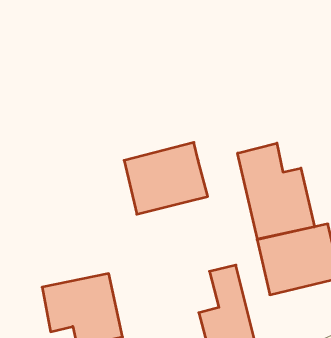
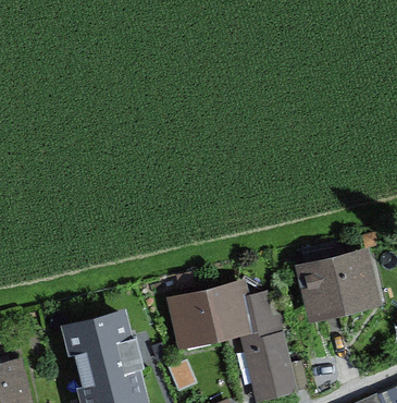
building: [124,142,208,214] -> [170,280,256,354]
building: [238,143,314,239] -> none

